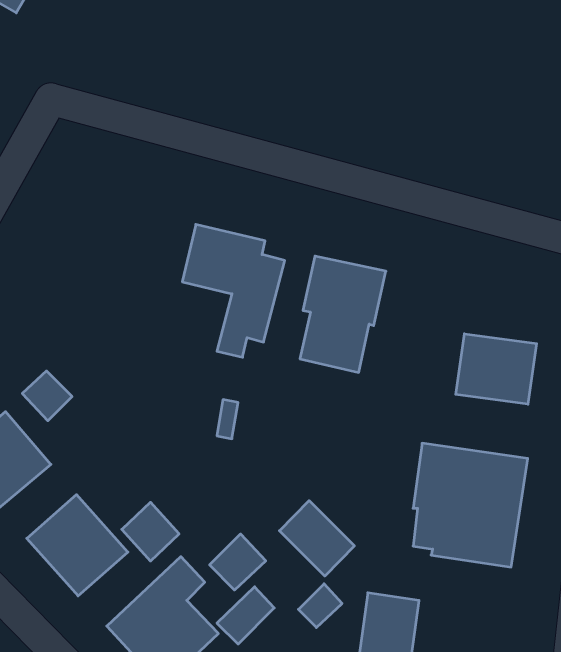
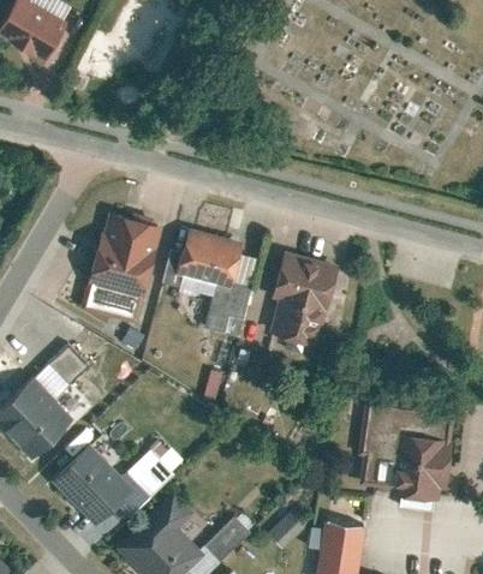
building: none -> [83,215,160,323]
building: [456,334,537,404] -> none
building: [279,501,354,576] -> none
building: [210,534,266,590] -> none

